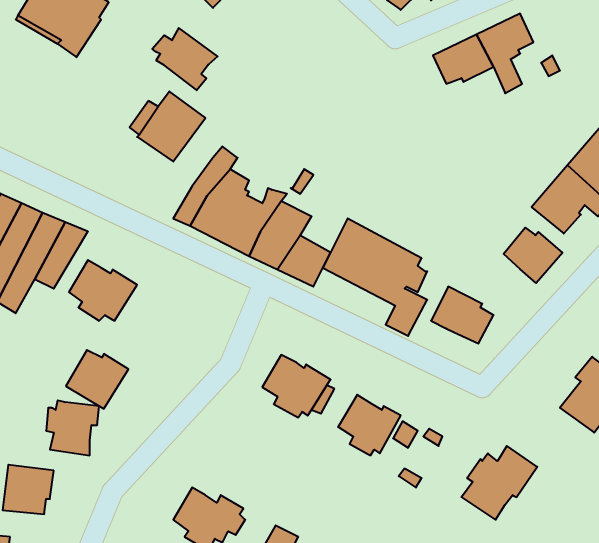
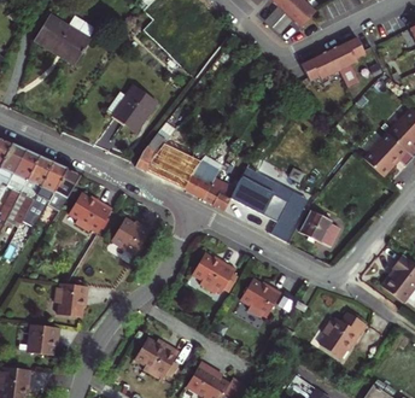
building: [152,28,218,90] -> none
building: [504,228,562,283] -> none
building: [66,350,128,409] -> [111,217,151,254]

